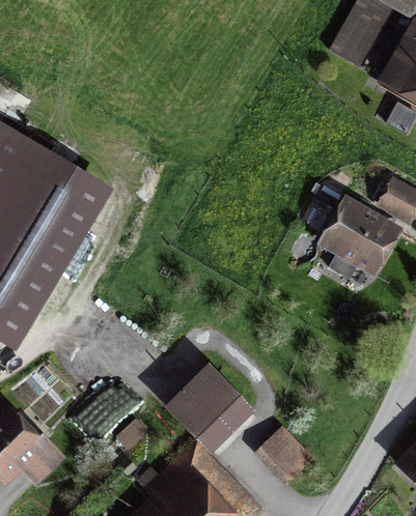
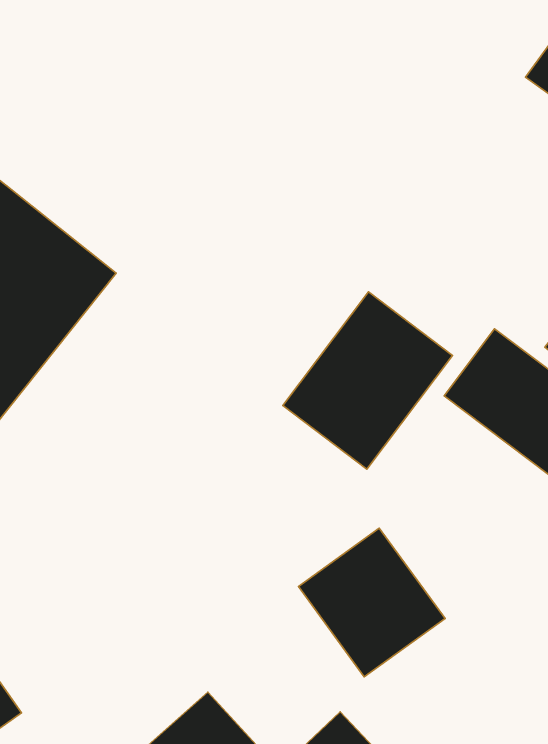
building: none -> [283,292,453,469]
building: [175,370,265,459] -> [298,528,445,677]

